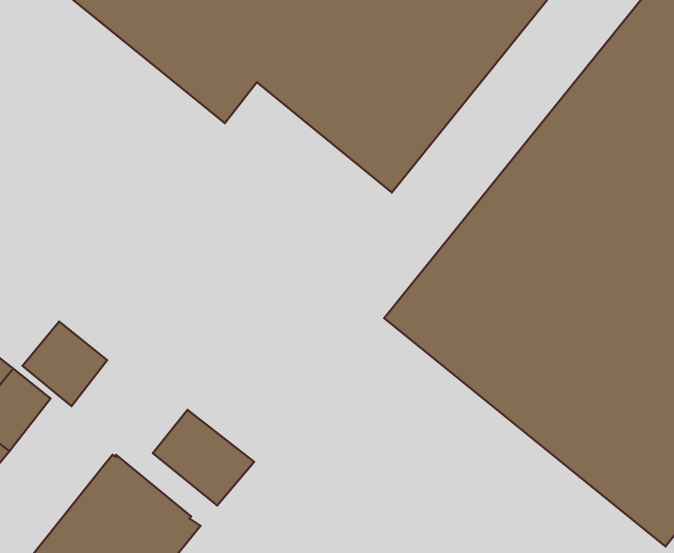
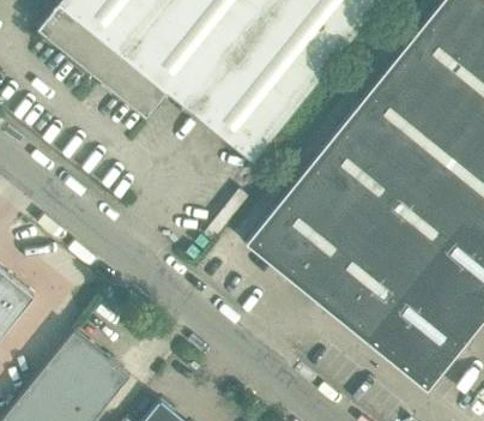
building: [23,322,107,406] -> none
building: [153,410,254,506] -> none

